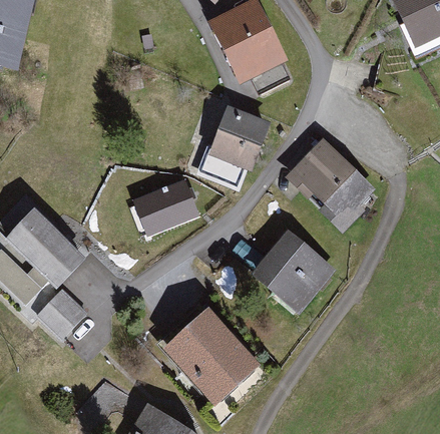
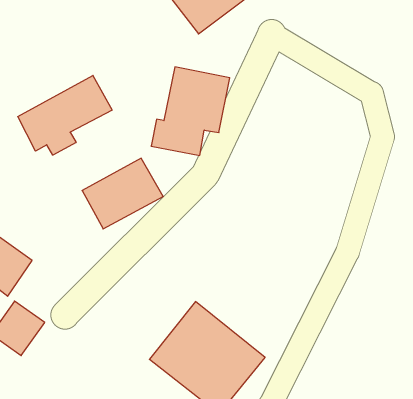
building: none -> [18,75,112,155]
building: [279,139,376,236] -> none
building: [254,234,332,312] -> none

